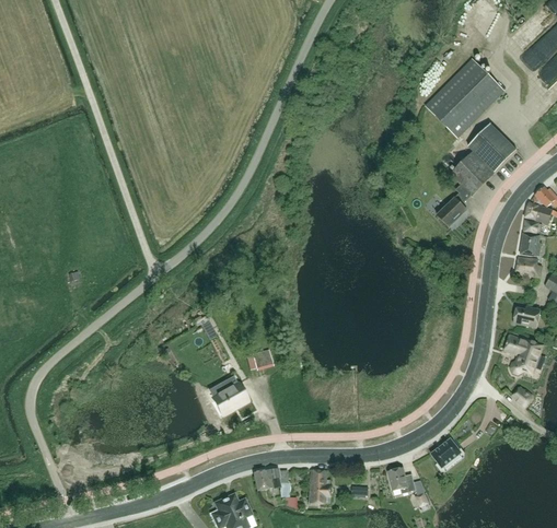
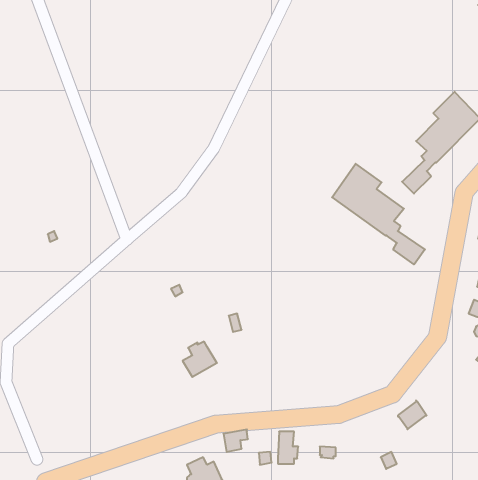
building: [426,58,504,137] -> none
building: none -> [332,164,425,264]
building: [387,467,416,493] -> none

